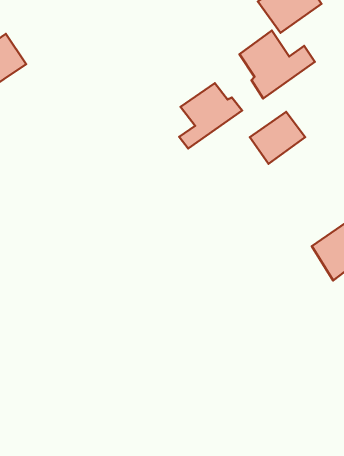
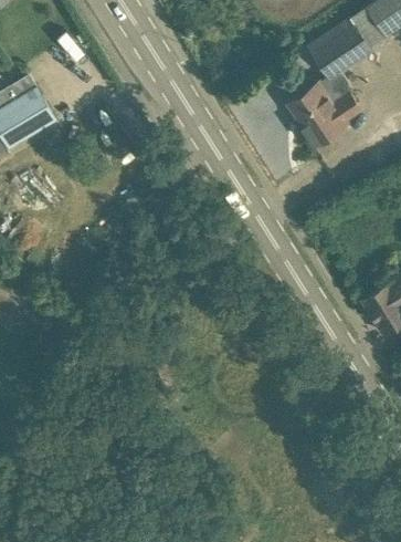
building: [179,83,242,149] -> none
building: [250,112,305,164] -> none

